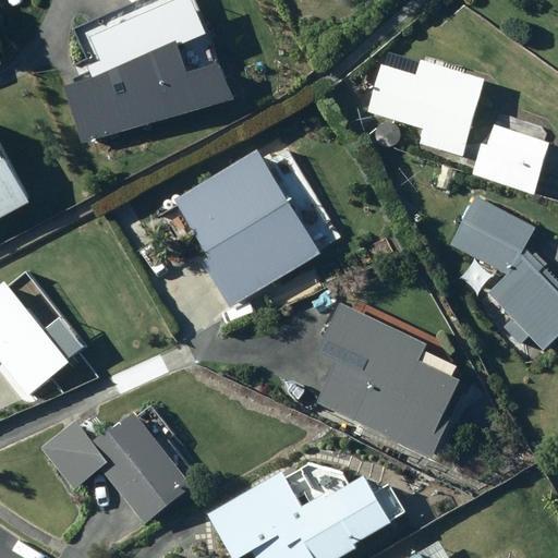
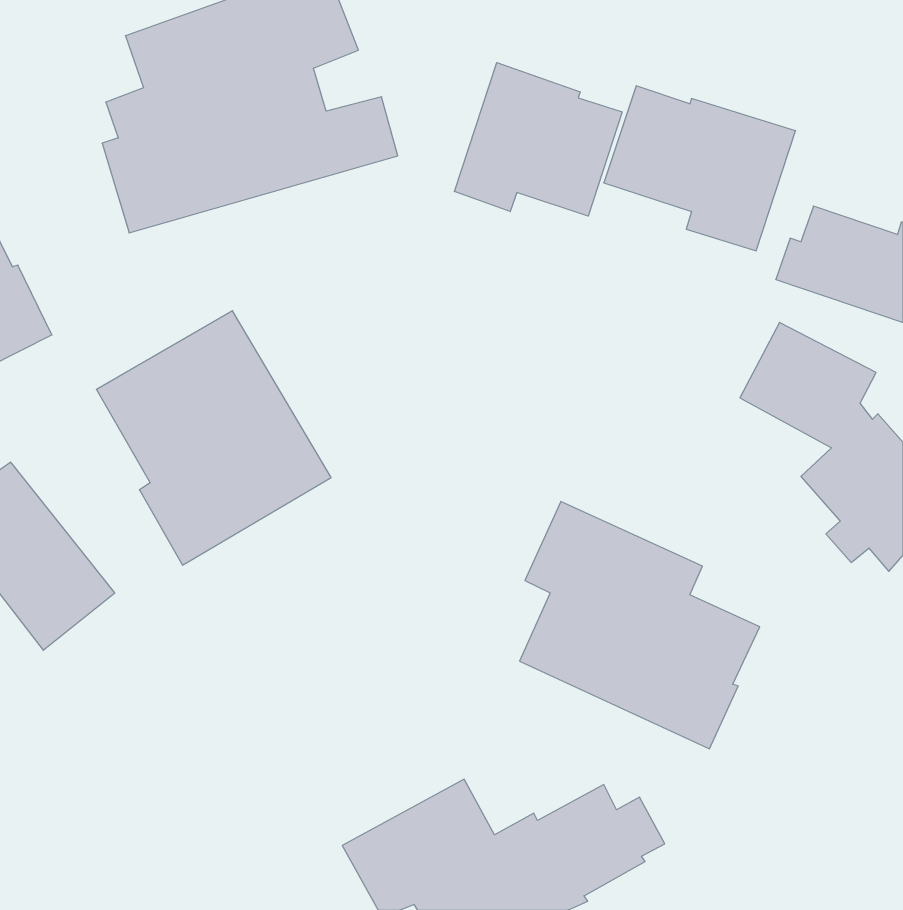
building: none -> [454,63,622,216]
building: [177,153,319,307] -> [96,311,331,565]
building: [40,415,190,523] -> none

